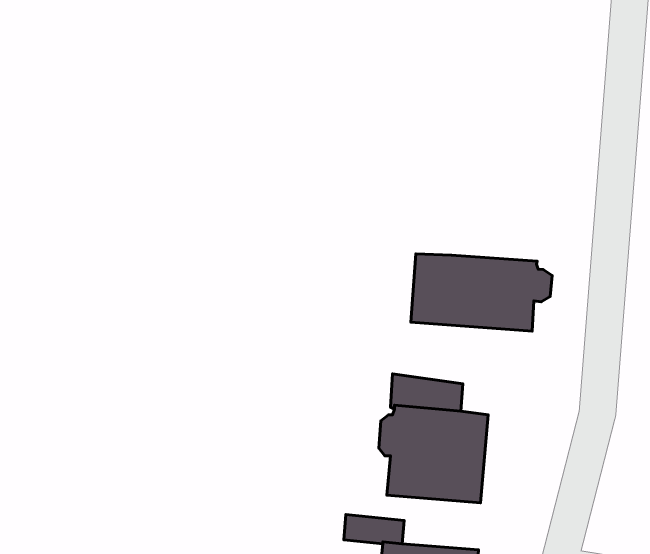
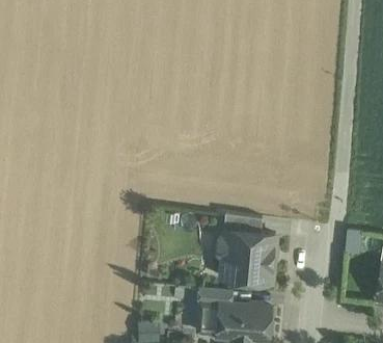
building: [411,254,552,331] -> none

